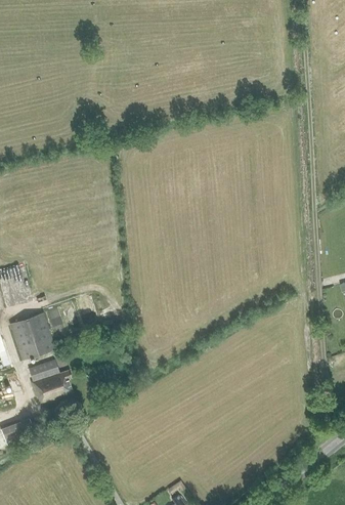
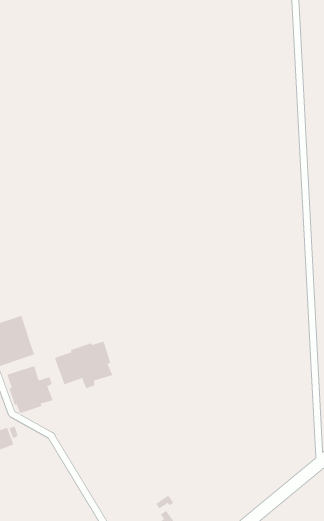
building: none -> [54,341,113,389]

